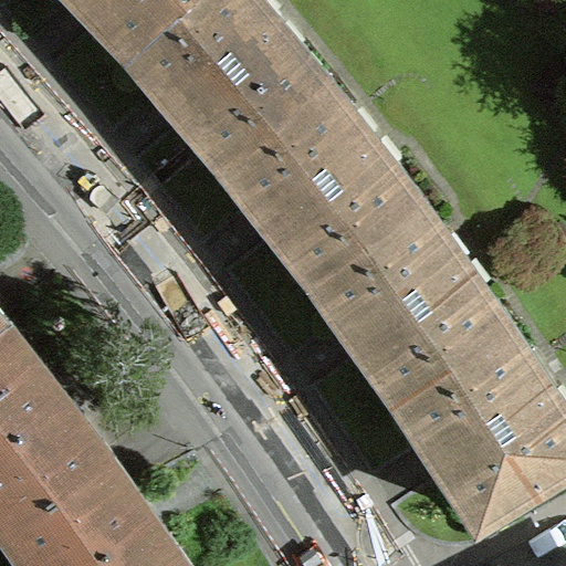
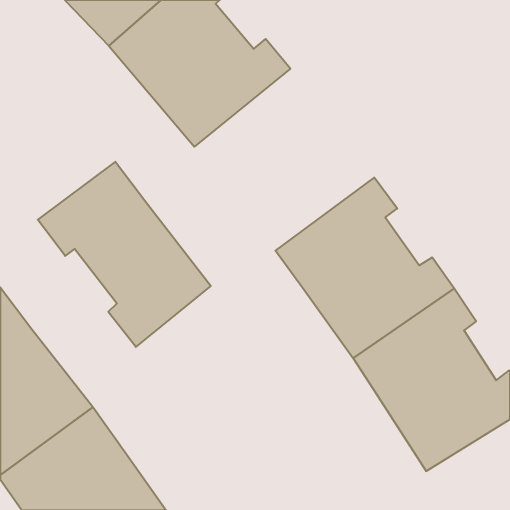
building: [216,76,415,277] -> none
building: none -> [38,162,211,347]

